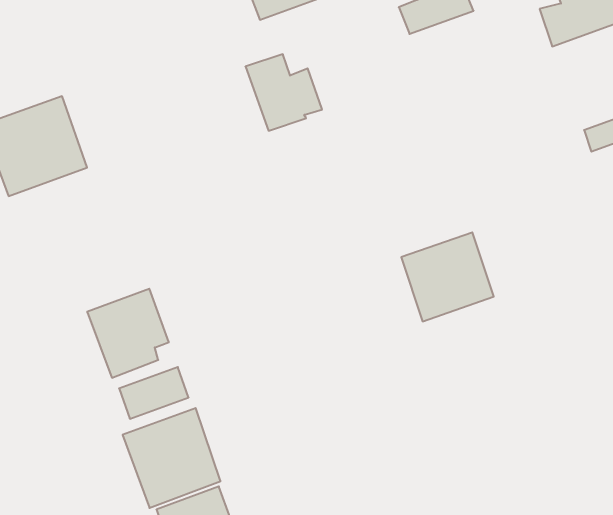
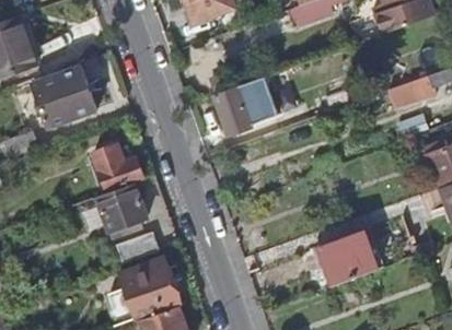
building: [245,54,322,131] -> [215,86,262,133]
building: none -> [93,143,143,188]
building: [401,232,494,321] -> [320,229,376,284]

